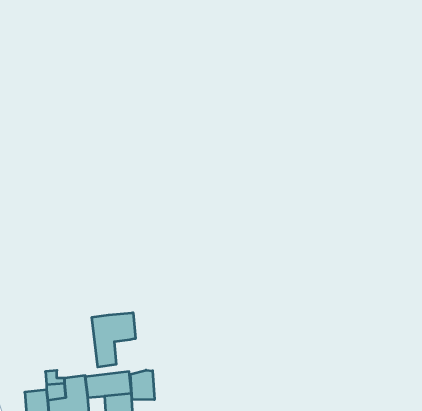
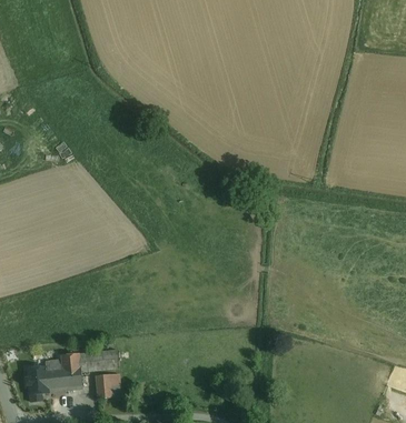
building: [92,313,135,367] -> none
building: [130,370,154,400] -> none

